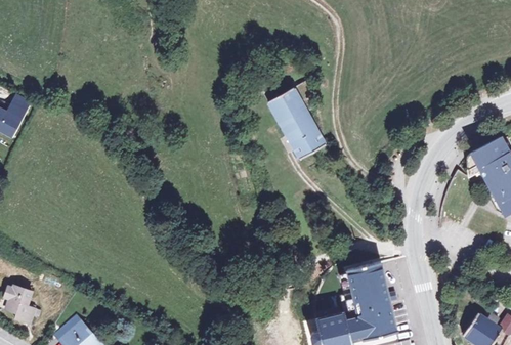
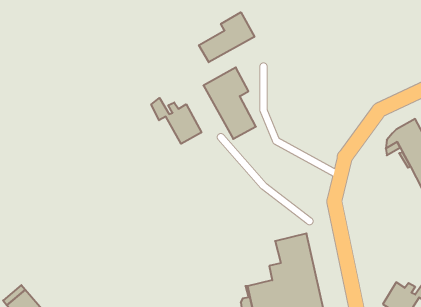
building: none -> [199,12,254,62]
building: none -> [151,98,201,144]

